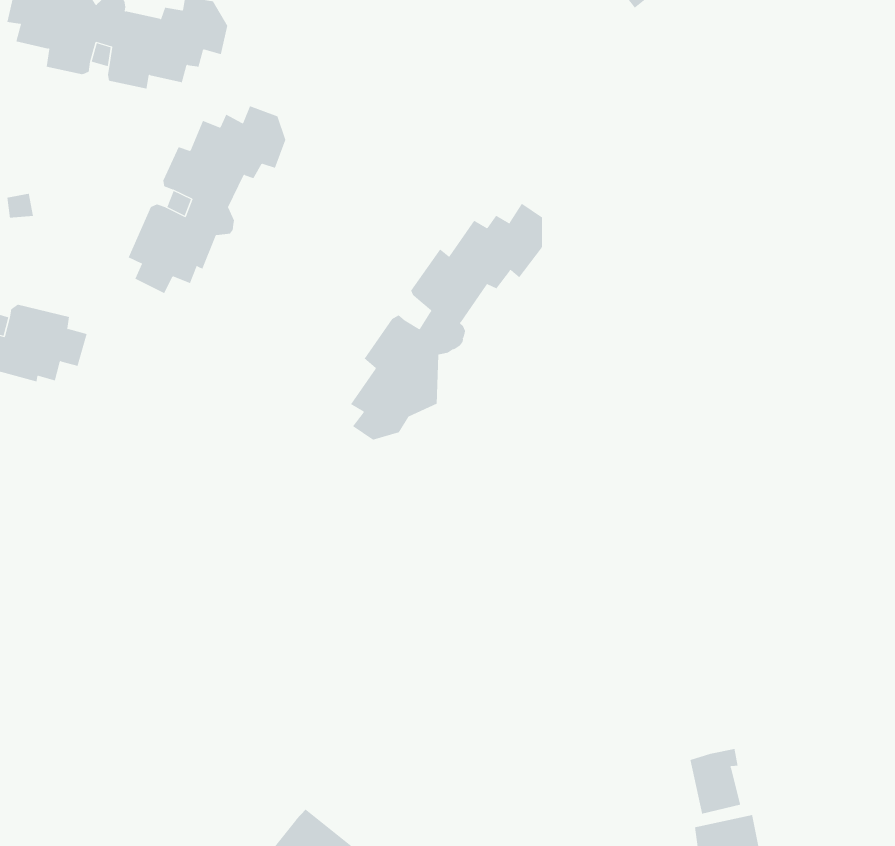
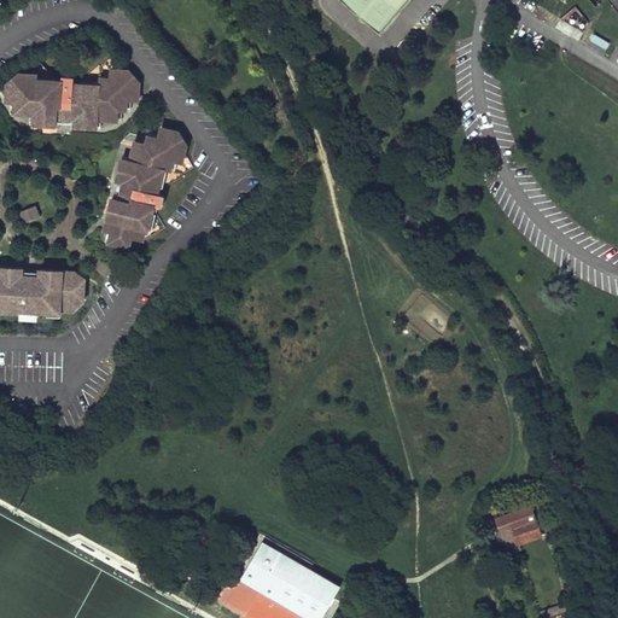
building: [350,203,542,441] -> none
building: [690,748,741,814] -> none

